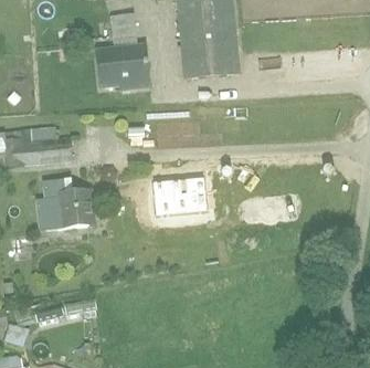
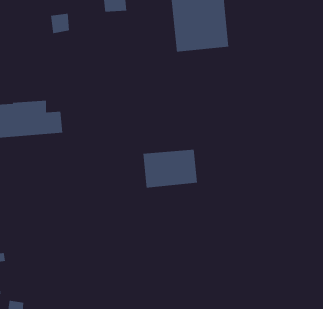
building: [95,44,148,87] -> none
building: [36,178,94,230] -> none

